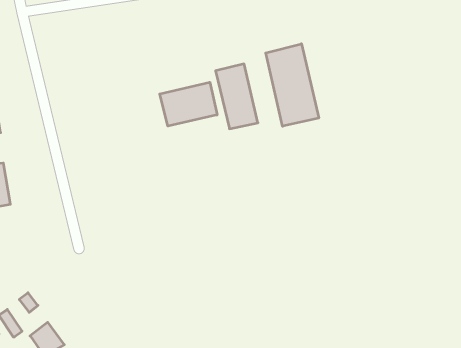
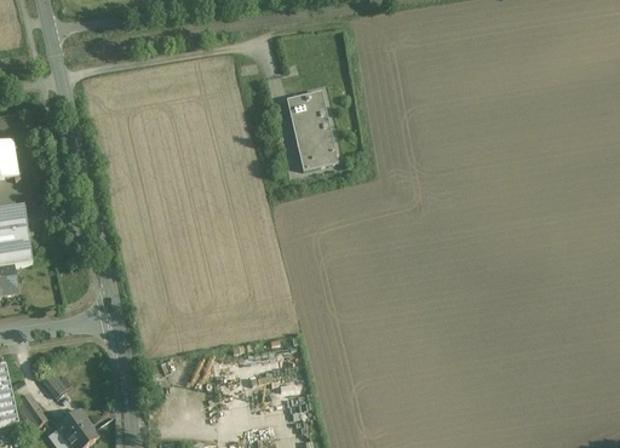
building: [266,44,319,126] -> none
building: [160,82,217,126] -> none

